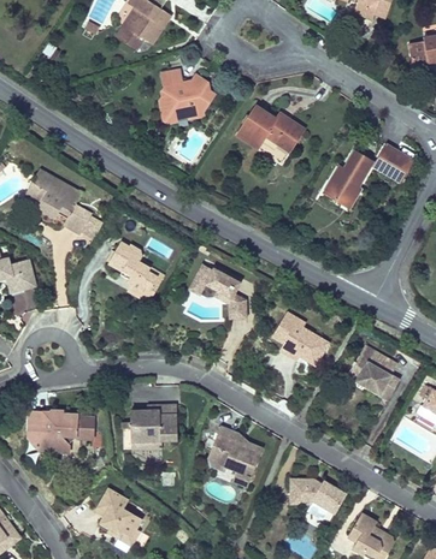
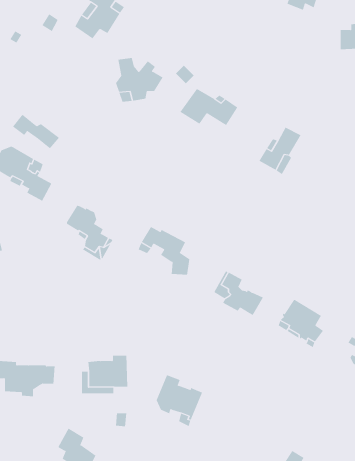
building: none -> [12,114,60,149]
building: [375,144,414,182] -> none
building: [287,480,343,513] -> none

